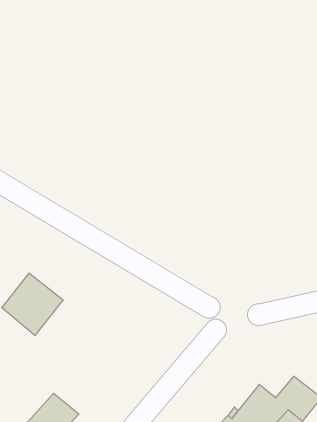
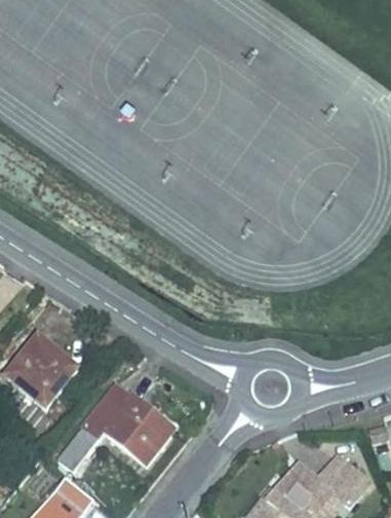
building: none -> [58,385,175,472]

